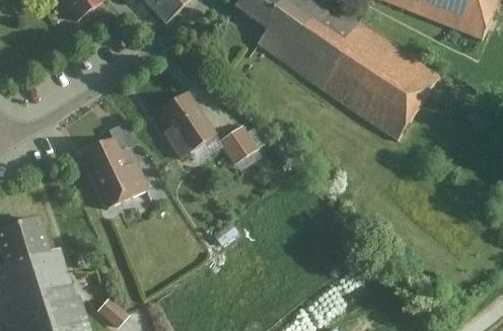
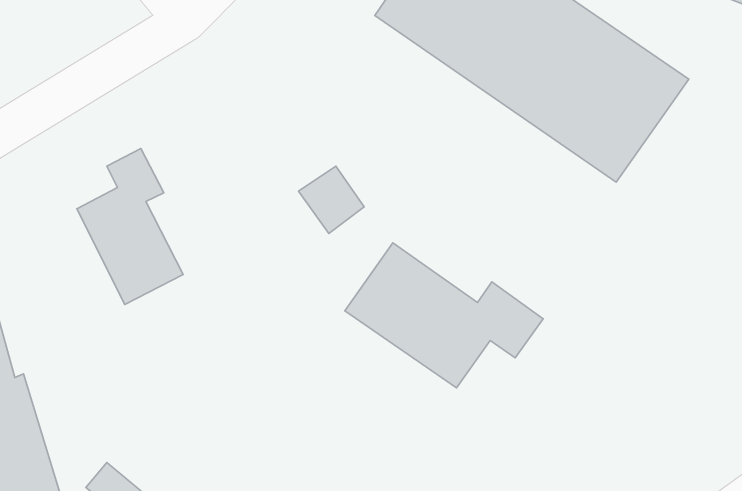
building: [155,89,212,153] -> none
building: none -> [345,243,543,388]

